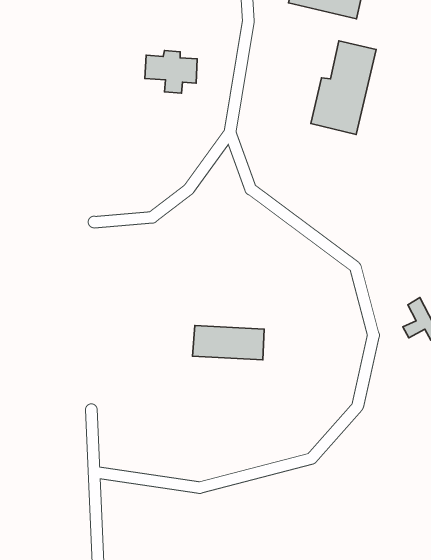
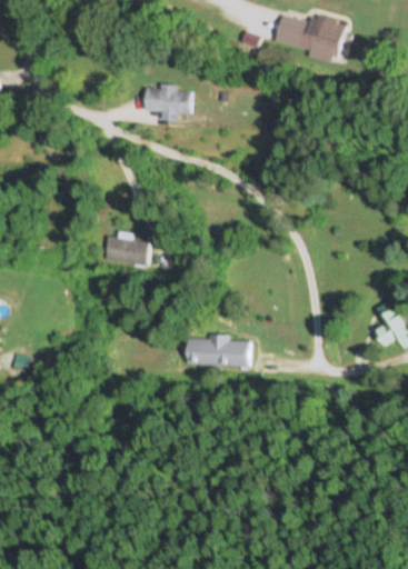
building: [311,41,376,135] -> none
building: none -> [105,233,150,267]

